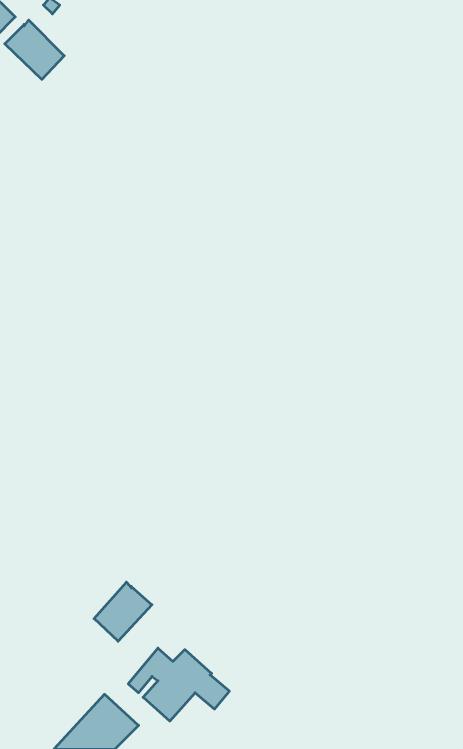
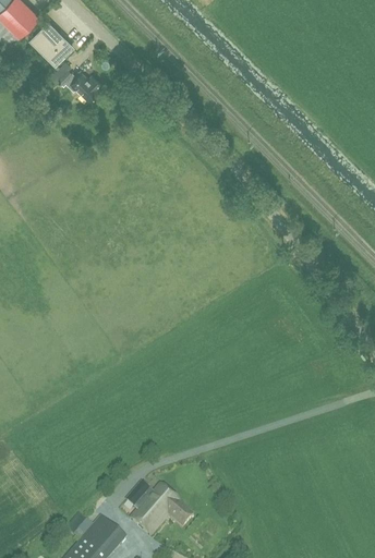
building: none -> [59,69,102,99]
building: [94,582,152,641] -> none

